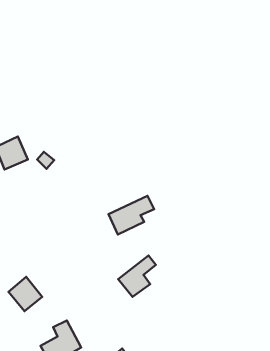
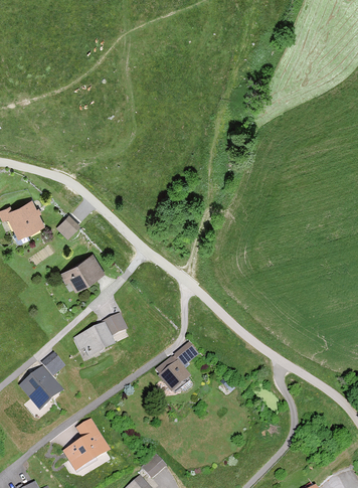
building: none -> [63,255,104,289]
building: [109,196,154,235] -> [73,314,128,360]

